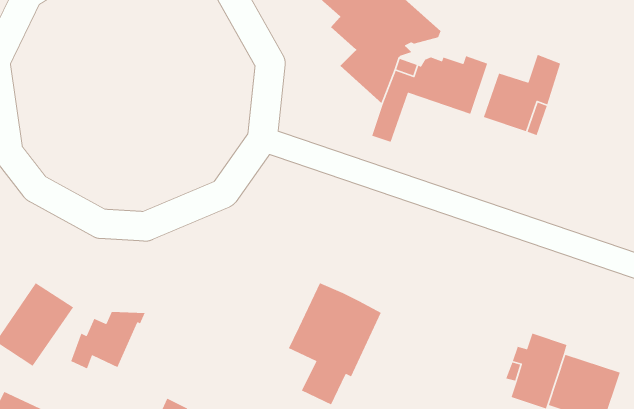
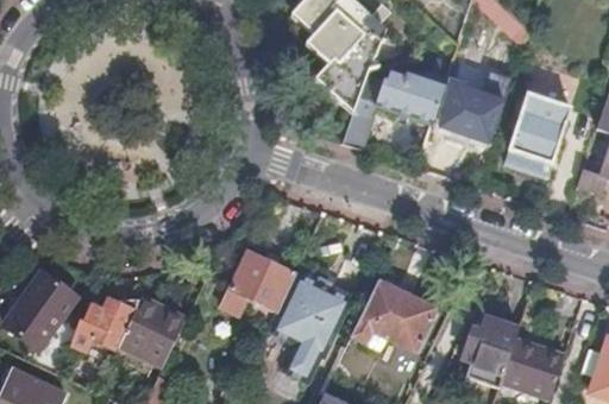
building: none -> [508,91,571,163]
building: none -> [220,248,295,314]
building: none -> [351,280,434,351]
building: none -> [120,296,186,366]

